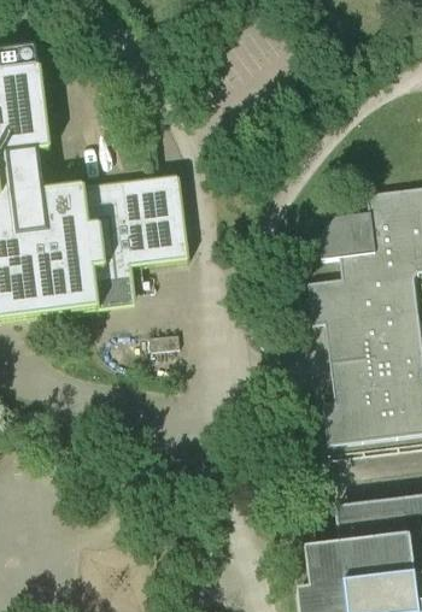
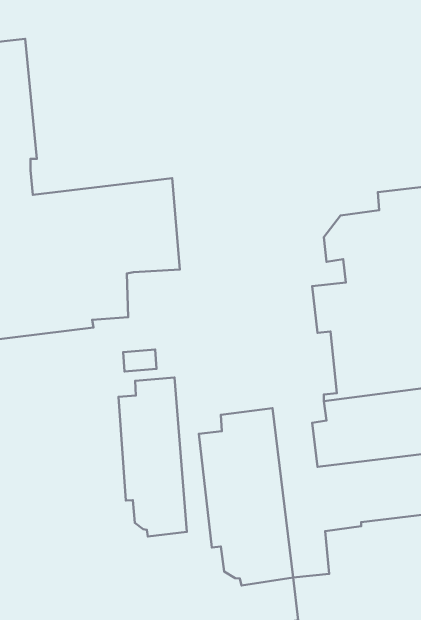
building: none -> [118,377,187,536]
building: none -> [199,408,293,586]

